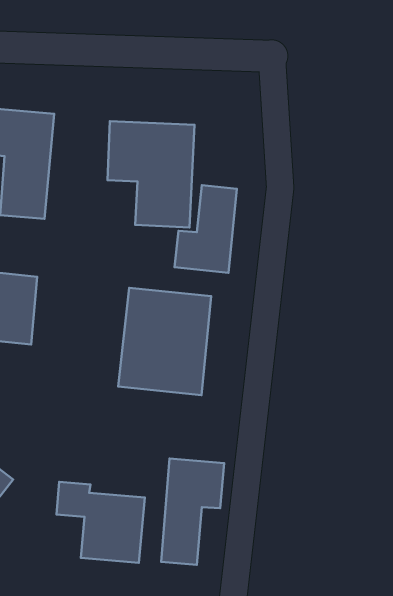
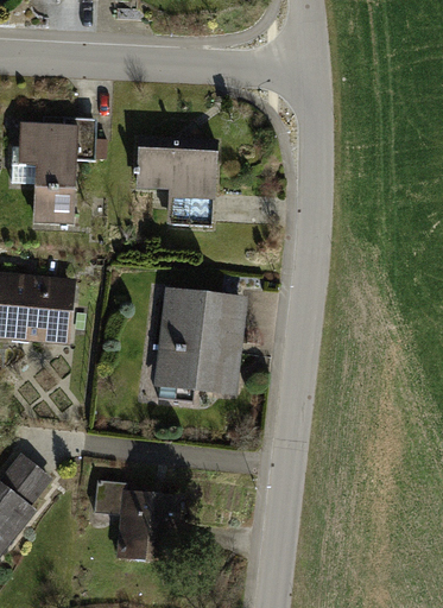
building: [175,185,237,273] -> none
building: [161,459,224,565] -> none

